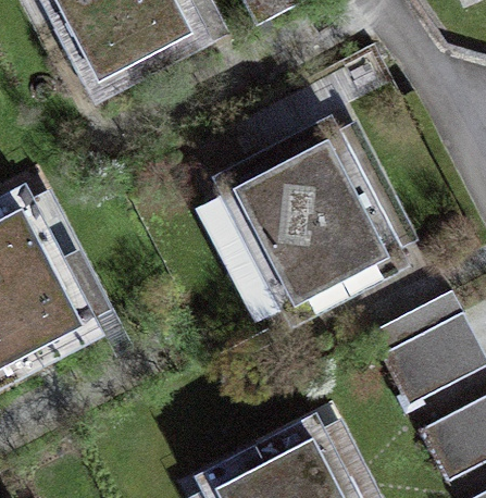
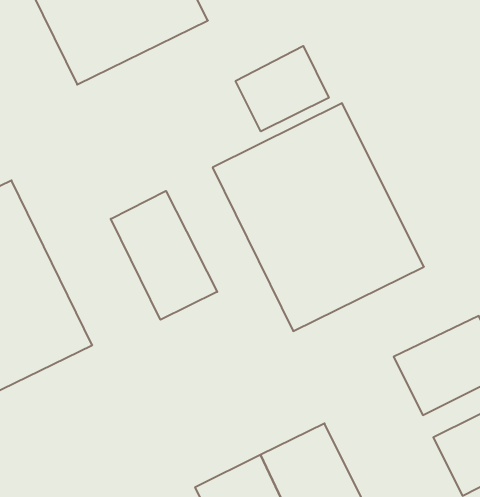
building: none -> [236,46,329,131]
building: none -> [111,191,217,320]

